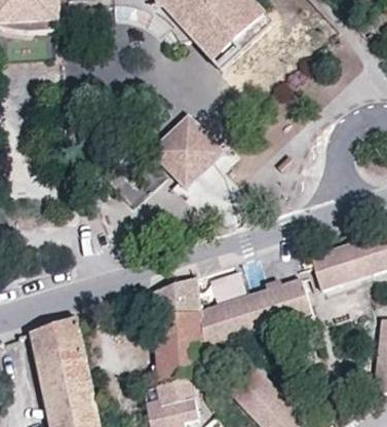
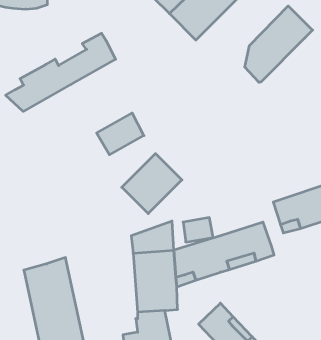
building: none -> [245,6,313,82]
building: none -> [6,33,116,111]
building: [155,117,223,185] -> [122,154,182,214]

